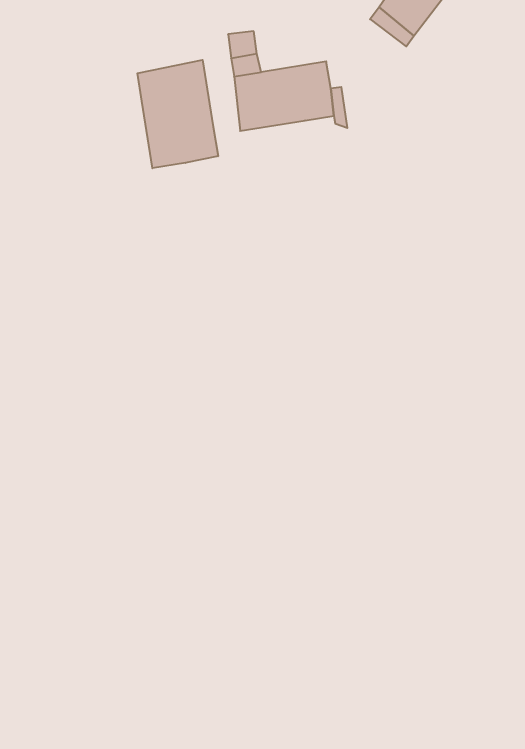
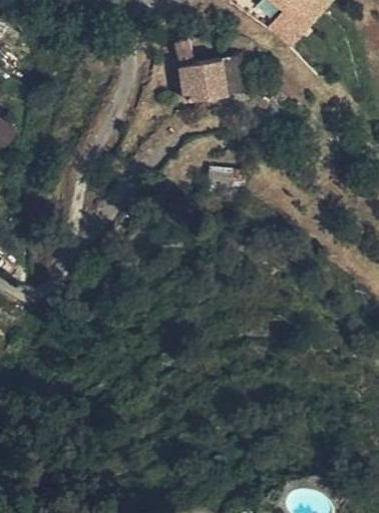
building: [137,60,218,168] -> none

